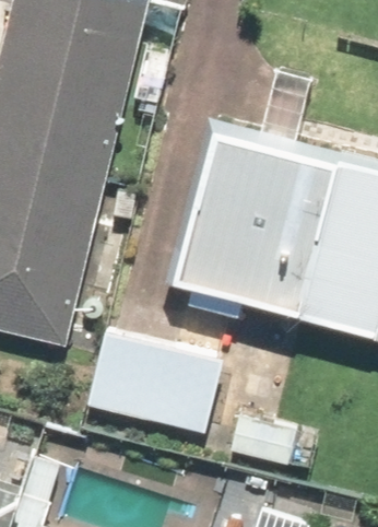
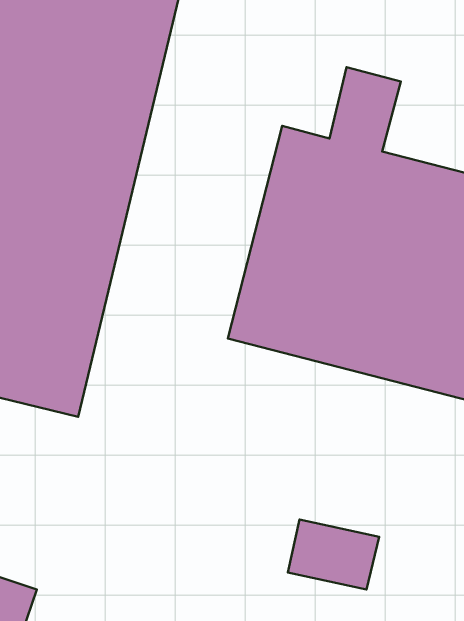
building: [87,338,223,440] -> none

